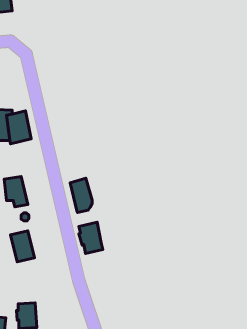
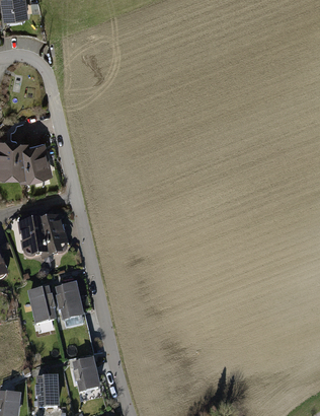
building: [70,178,92,213] -> [39,213,67,256]
building: [79,222,103,253] -> [54,282,83,321]
building: none -> [71,357,99,392]

